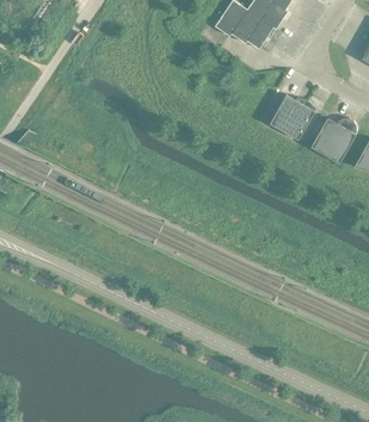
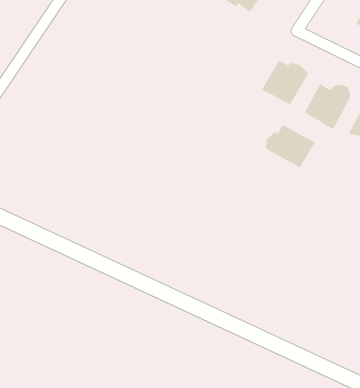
building: none -> [265,125,316,168]

